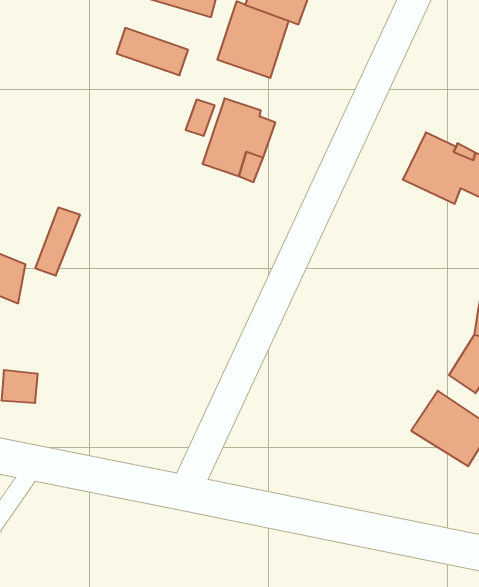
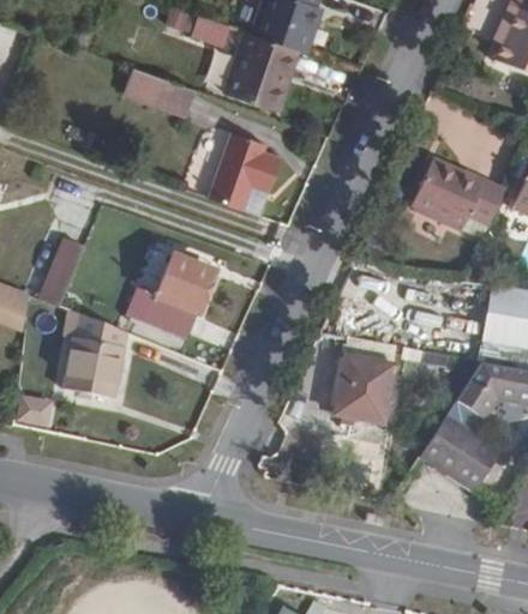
building: none -> [131,251,218,332]
building: none -> [56,309,128,390]
building: none -> [328,339,388,422]

